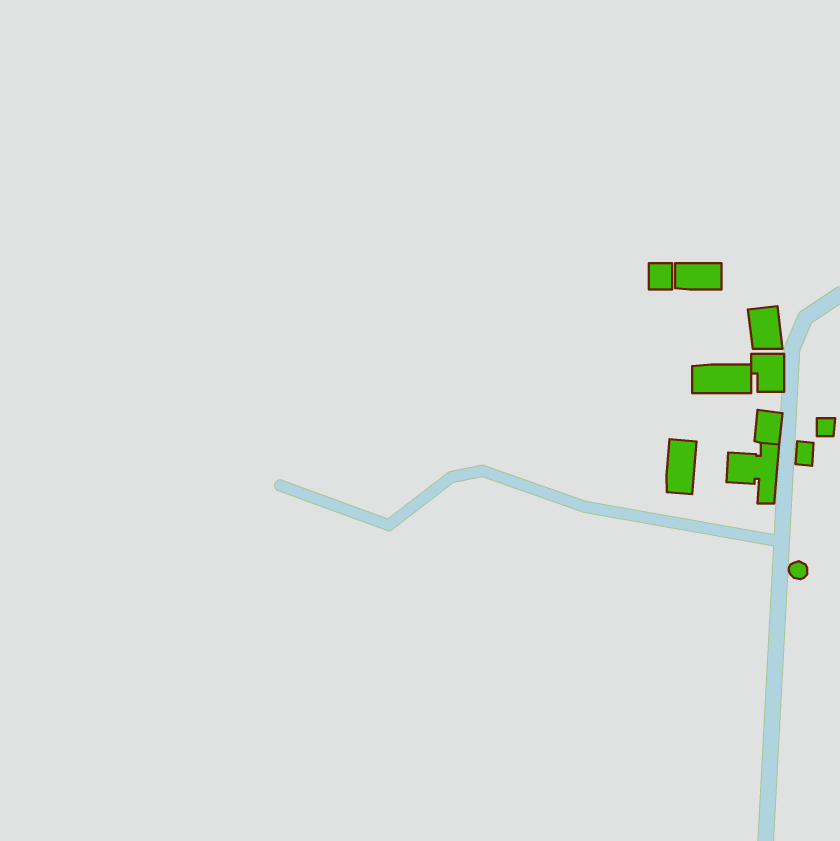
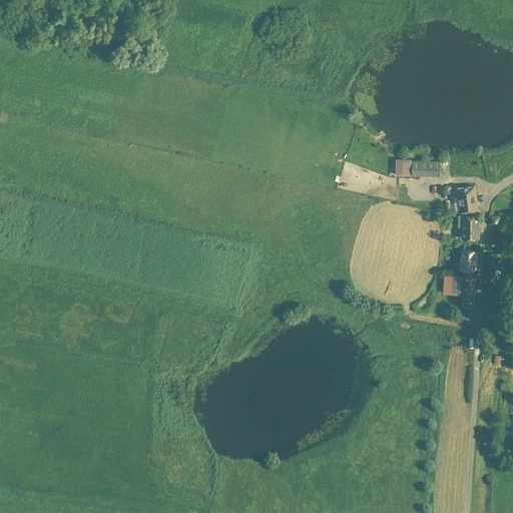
building: [692,364,751,393] -> none
building: [667,439,697,494] -> none

